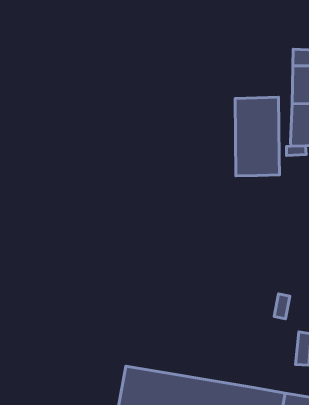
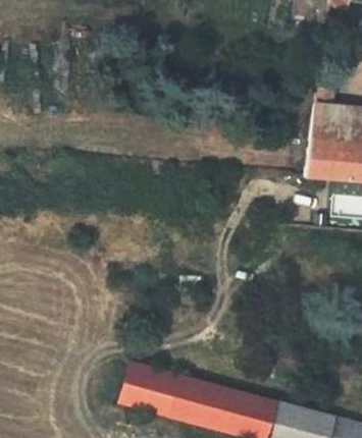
building: [235,97,279,176] -> none

